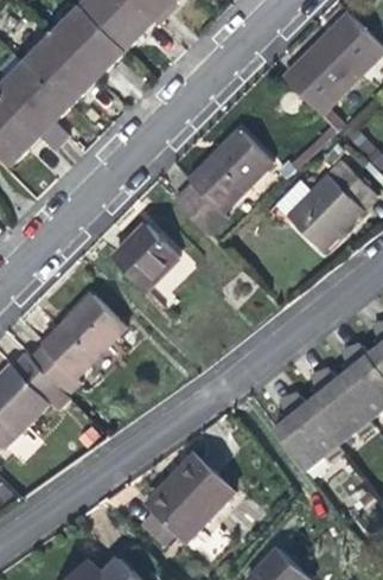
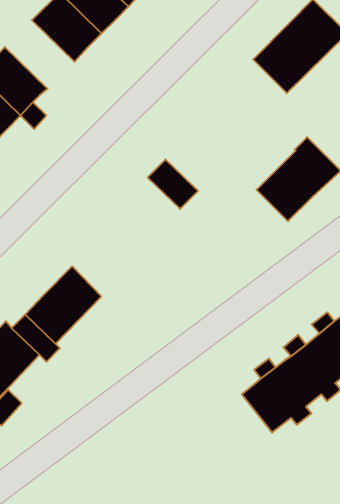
building: [21,36,95,108] -> none
building: [190,129,270,211] -> none
building: [113,224,179,289] -> none
building: [152,451,236,536] -> none

